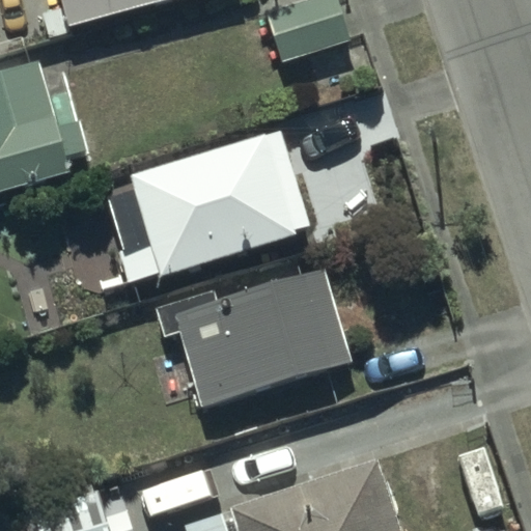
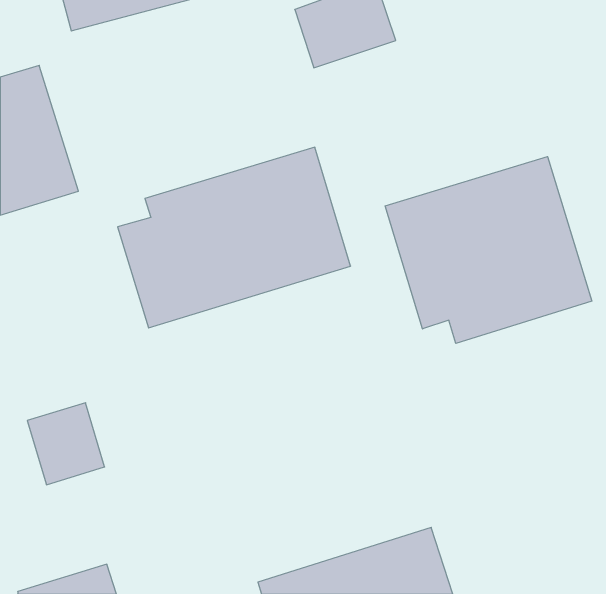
building: none -> [385,157,592,343]
building: [174,267,354,408] -> none

